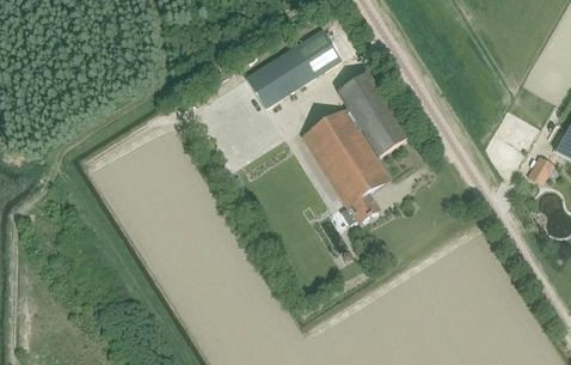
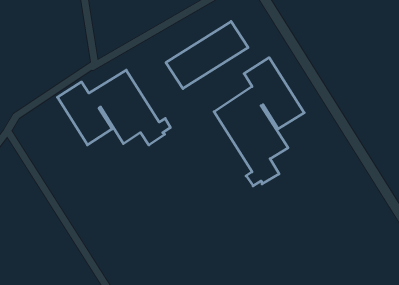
building: none -> [57,70,170,145]

